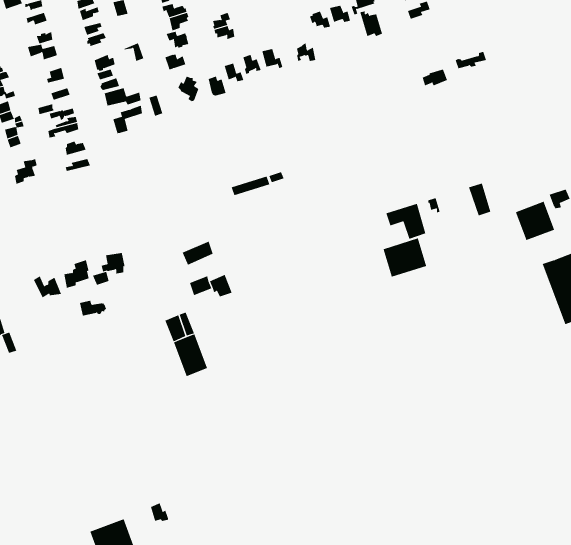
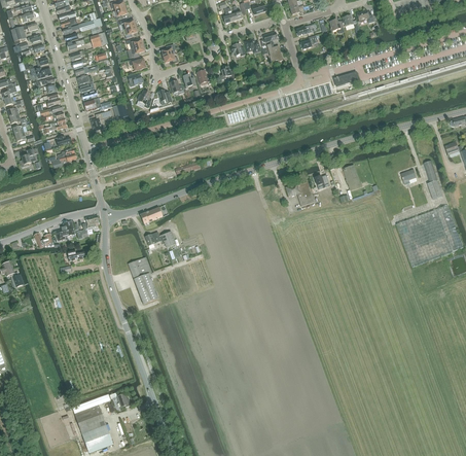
building: [515,201,555,241] -> none
building: [383,238,427,278] -> none

